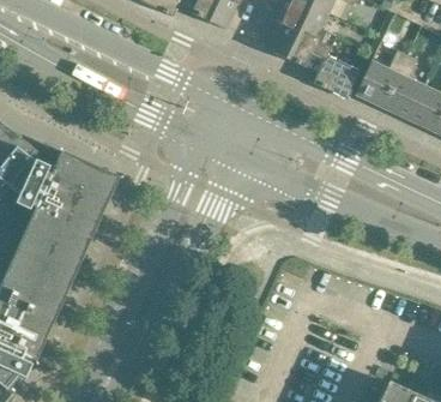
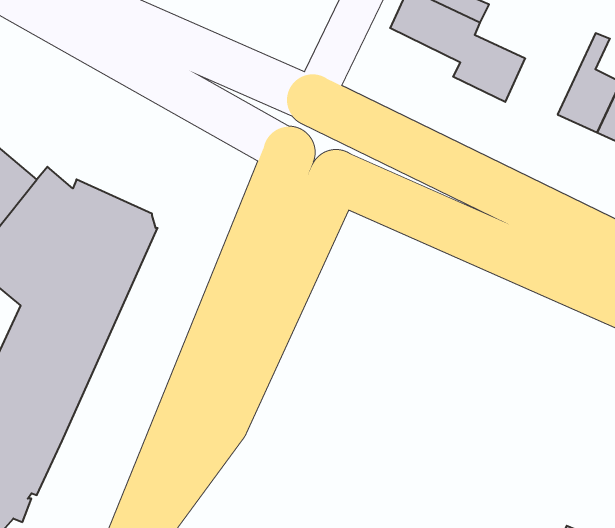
building: [356,49,407,108] -> none

